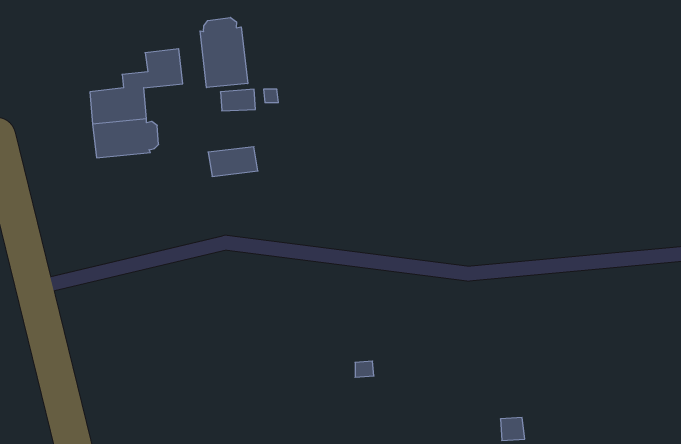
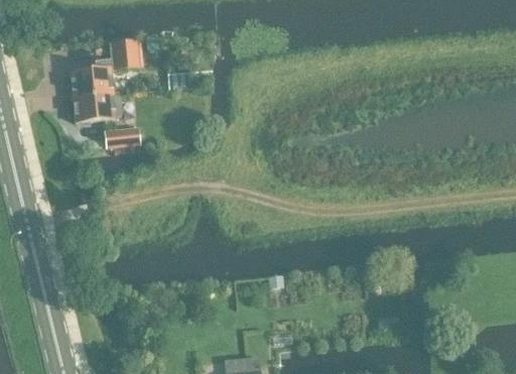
building: [200,17,248,88] -> none
building: [208,147,258,176] -> [104,126,141,148]

